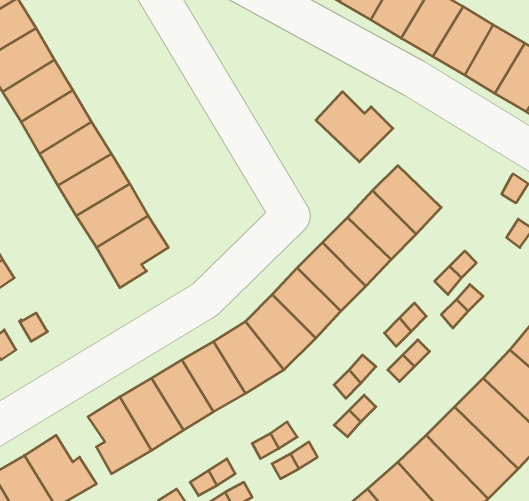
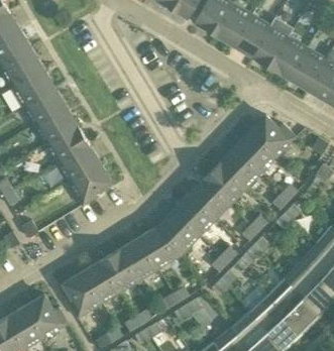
building: [316,92,393,162] -> [249,115,296,157]

